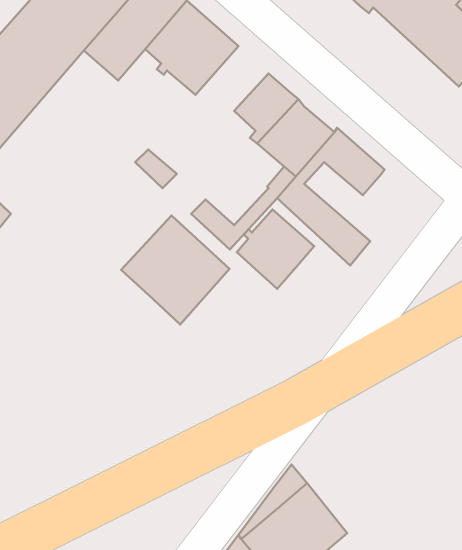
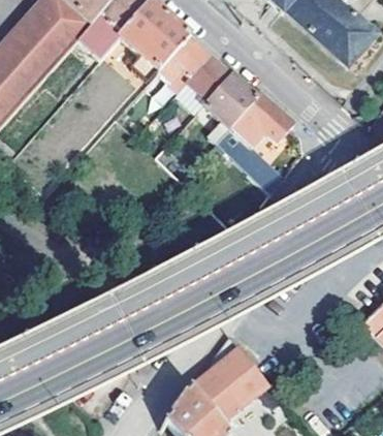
building: none -> [157,34,211,89]
building: [237,210,314,289] -> none
building: [121,216,229,325] -> none

